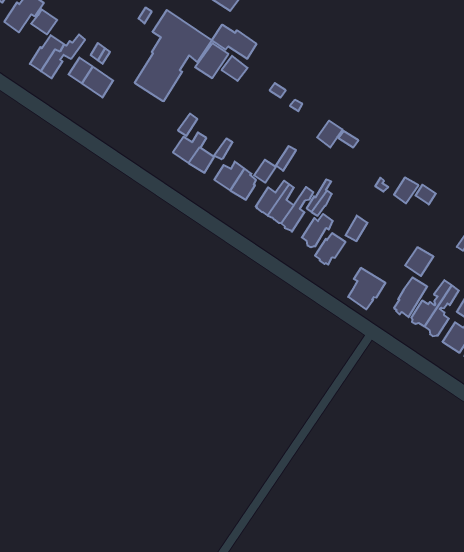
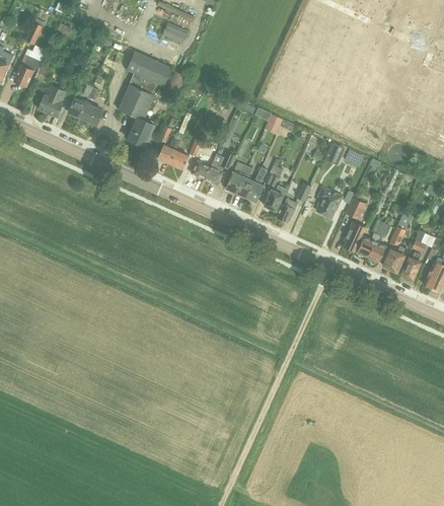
building: [212,25,256,59] -> none
building: none -> [126,116,153,146]
building: [348,268,386,309] -> [314,187,341,217]

